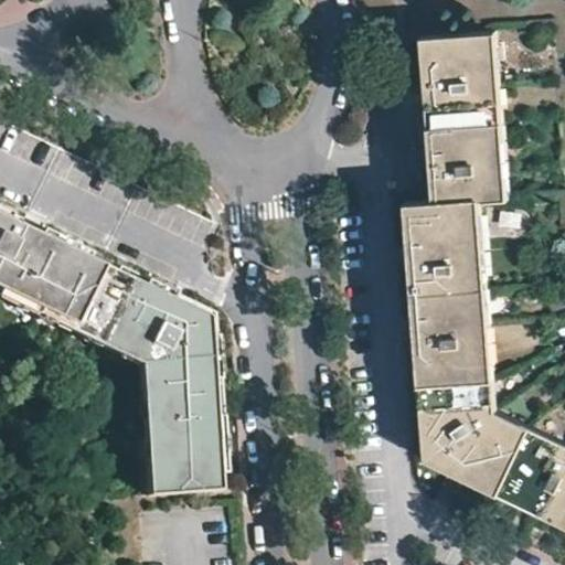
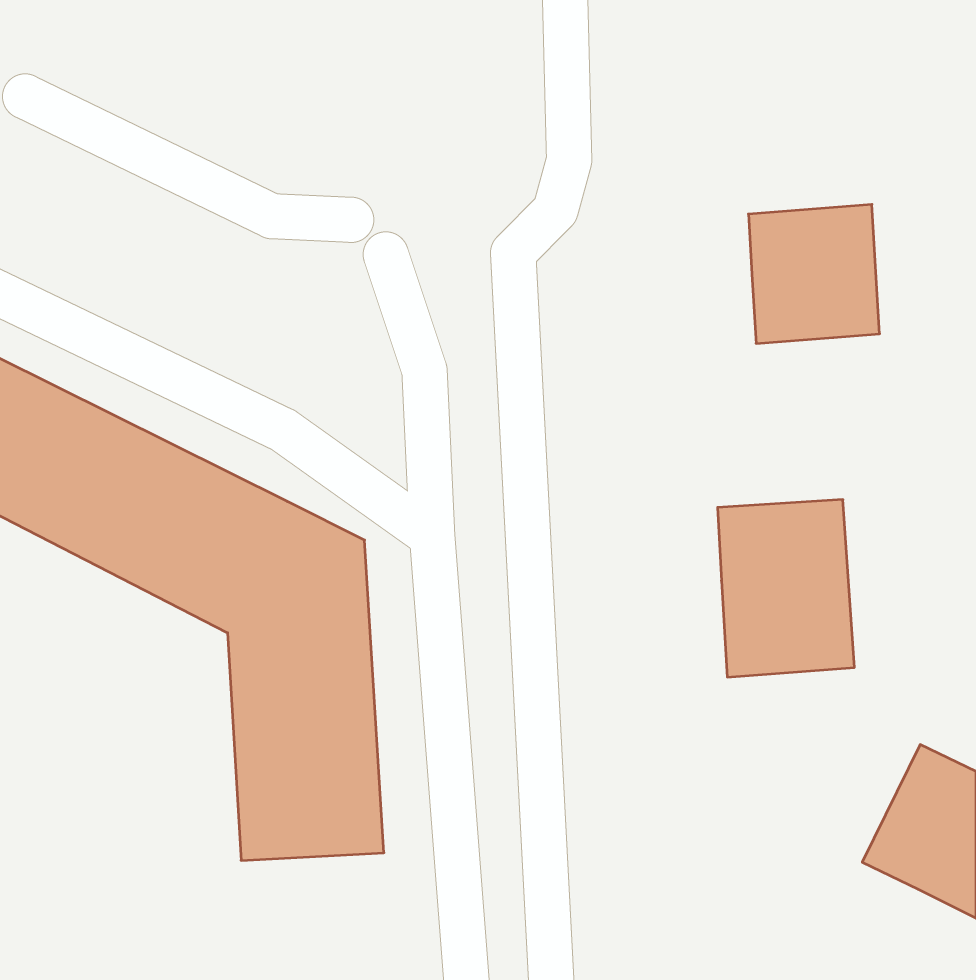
building: [422,34,499,126] -> none
building: [404,196,482,294] -> none
building: [416,385,526,497] -> none

